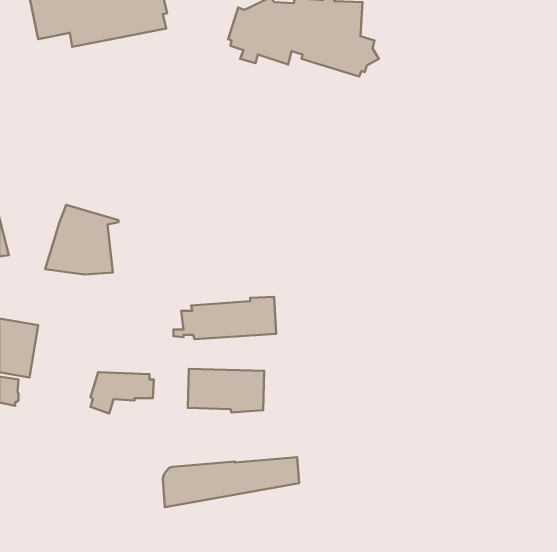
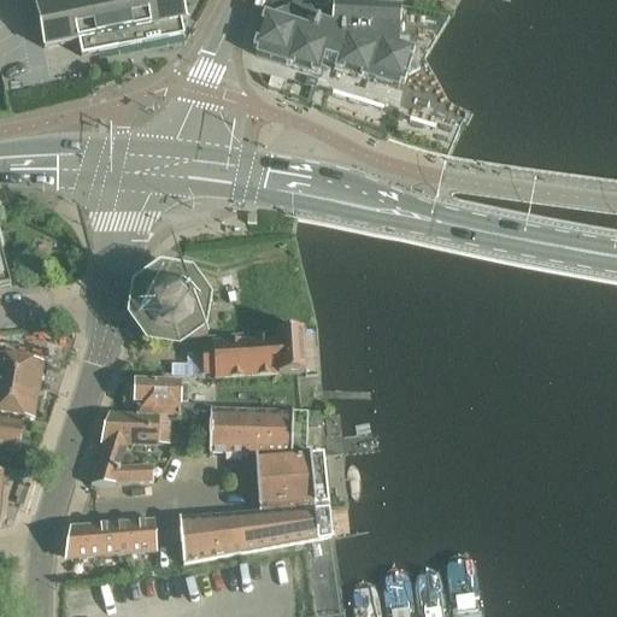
building: [45,205,118,275] -> [131,258,212,335]
building: none -> [129,380,205,415]
building: none -> [90,449,152,482]
building: none -> [255,451,328,511]
building: none -> [66,518,155,557]

